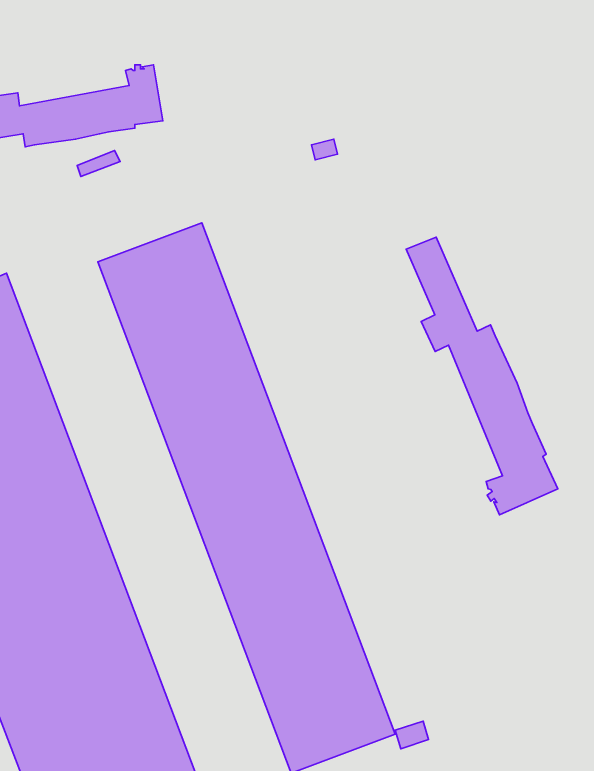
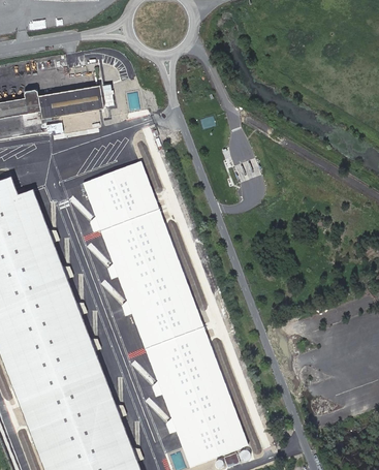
building: [406,237,558,515] -> none

